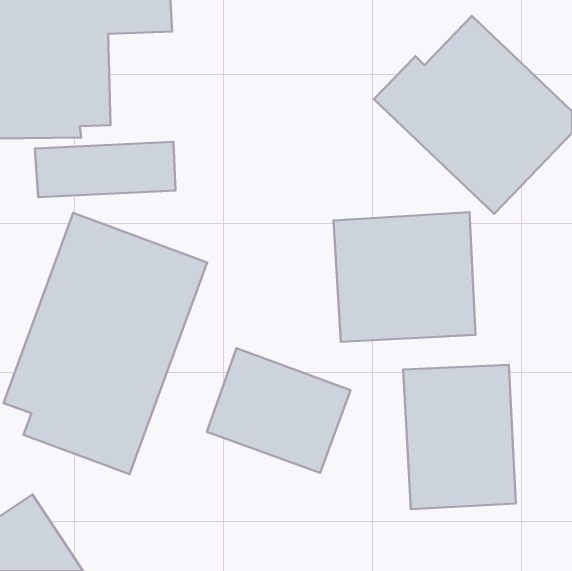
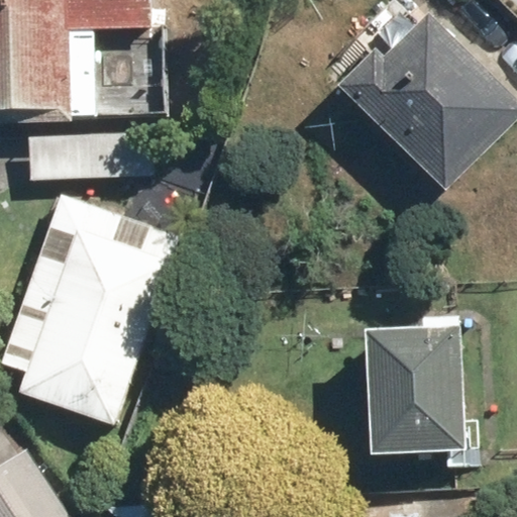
building: [333,212,475,342] -> none
building: [207,348,350,473] -> none

